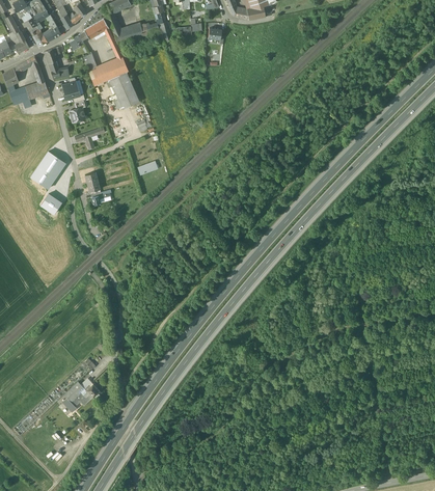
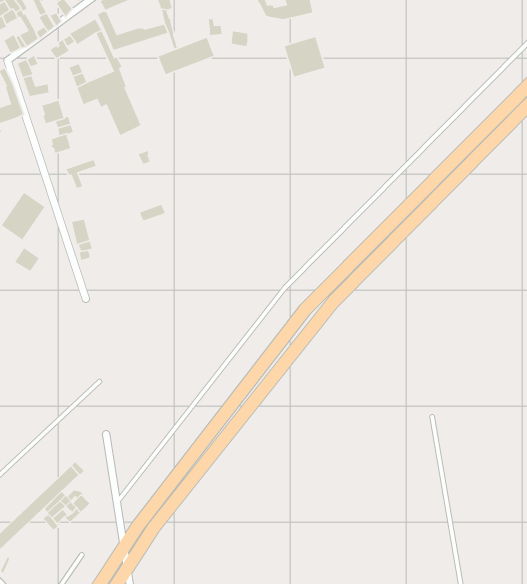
building: none -> [284,36,325,78]
building: none -> [158,37,215,75]

